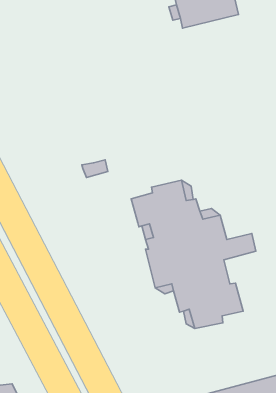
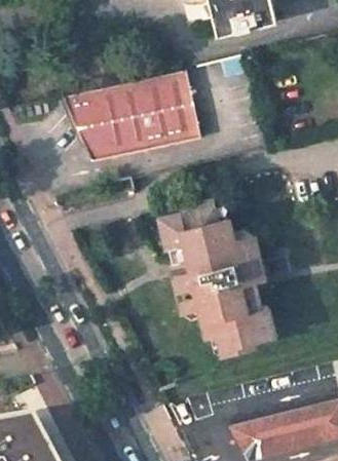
building: none -> [61,69,202,164]

